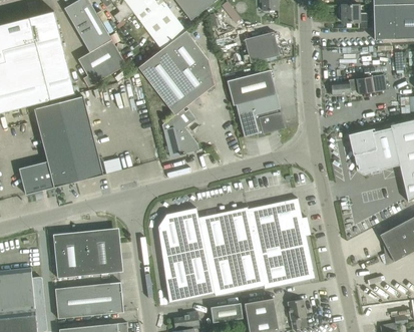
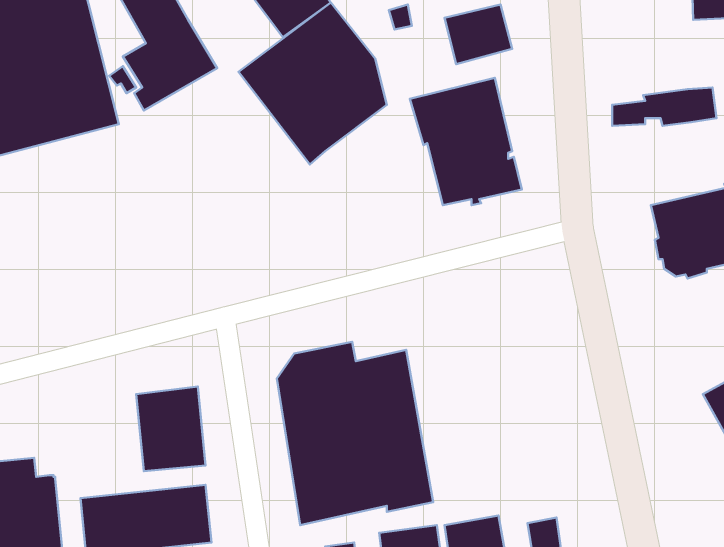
building: [19,96,103,195] -> none
building: [162,108,199,155] -> none
building: [225,199,315,291] -> none
building: [53,233,88,278] -> none

